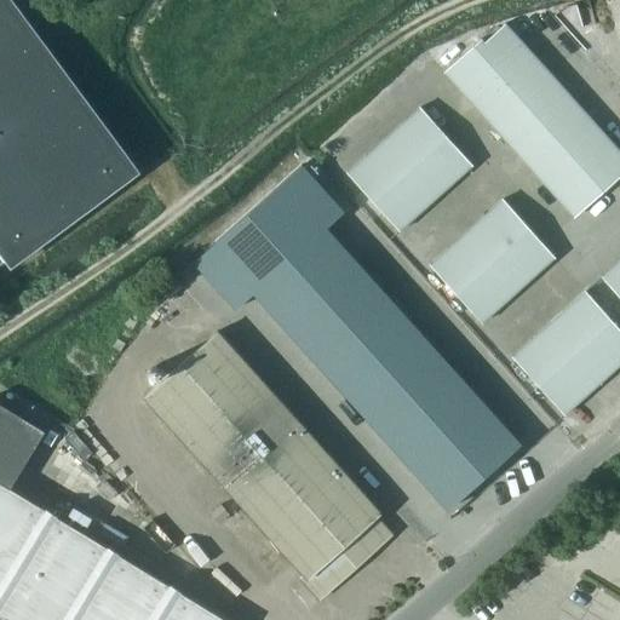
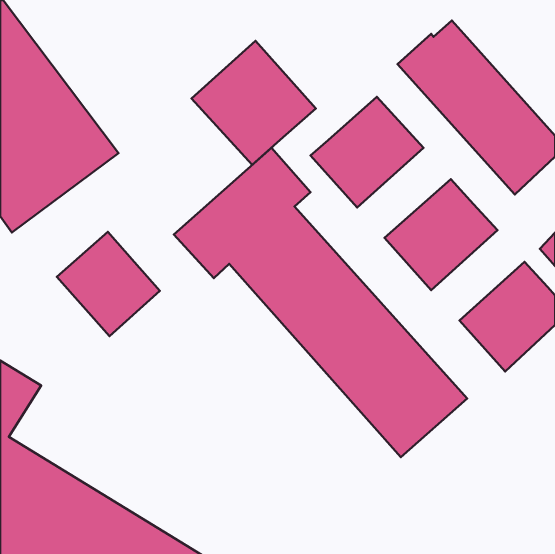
building: none -> [191,41,316,165]
building: none -> [57,232,160,336]
building: [144,332,391,601] -> none

